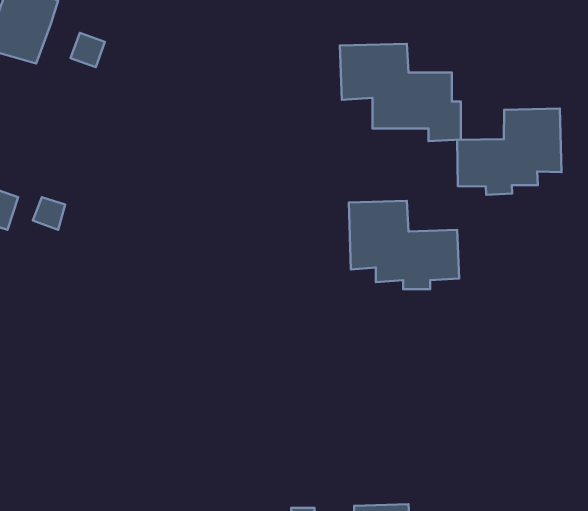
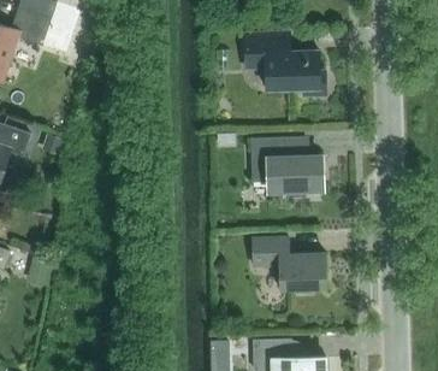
building: [457,109,562,195] -> none
building: none -> [251,236,326,293]

